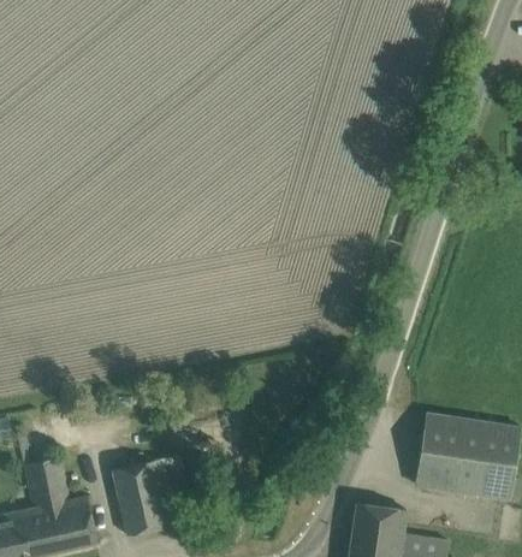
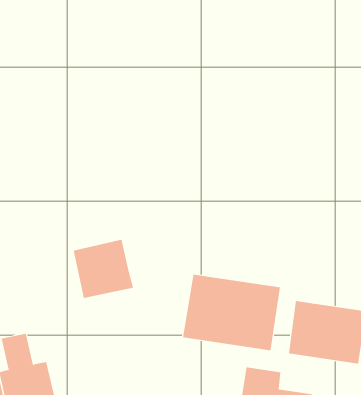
building: none -> [183,274,280,351]
building: [112,454,195,534] -> [73,239,134,298]

